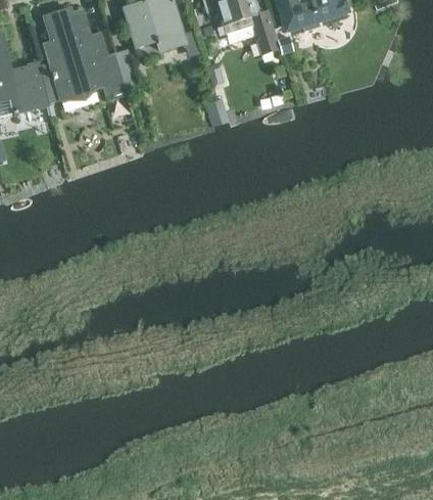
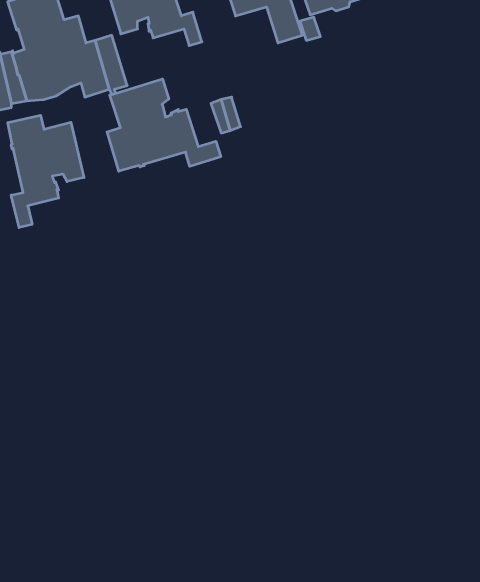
building: none -> [107,79,221,171]
building: none -> [8,115,84,228]

